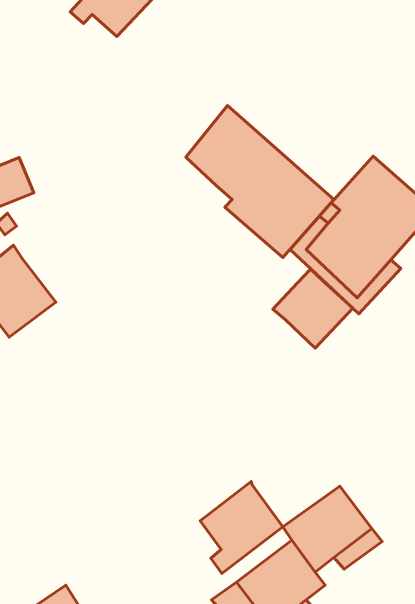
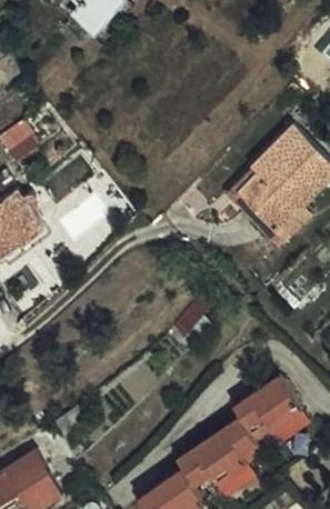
building: [186,106,334,257] -> none
building: [273,269,353,348] -> none
building: [200,481,283,573] -> none

